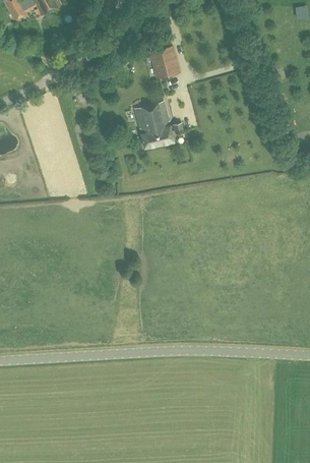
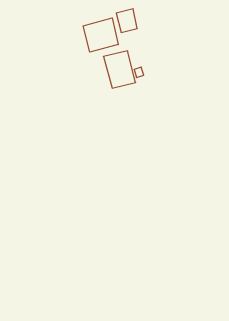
building: none -> [83,18,118,52]

